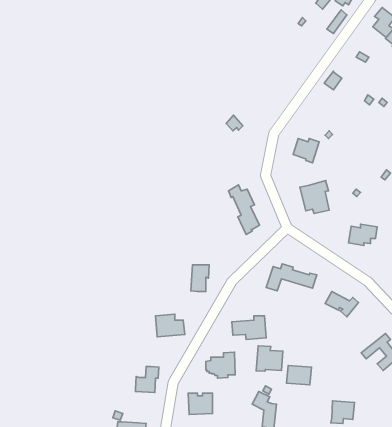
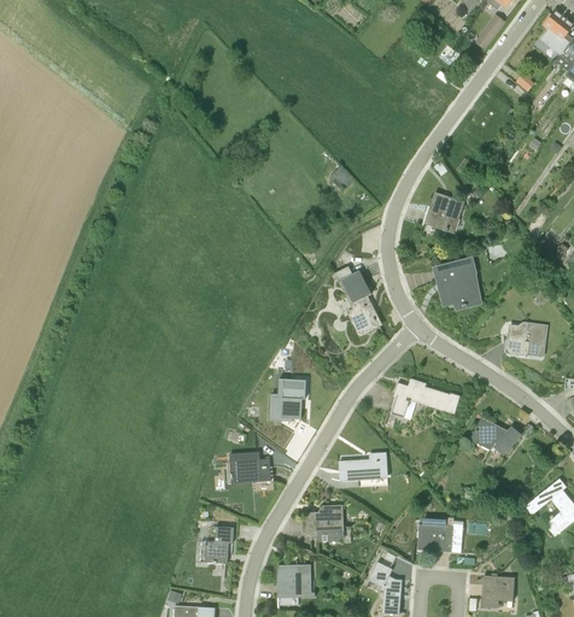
building: [256,346,283,371] -> none

